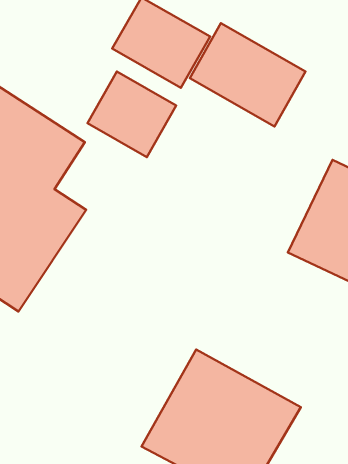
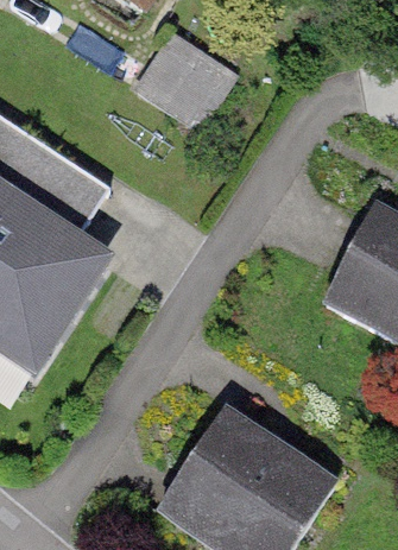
building: [190,23,306,126] -> none
building: [88,72,176,157] -> none

